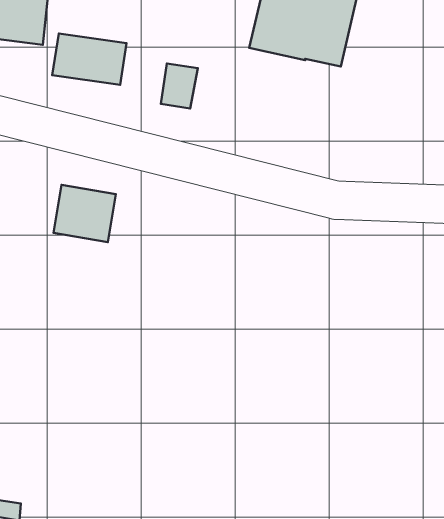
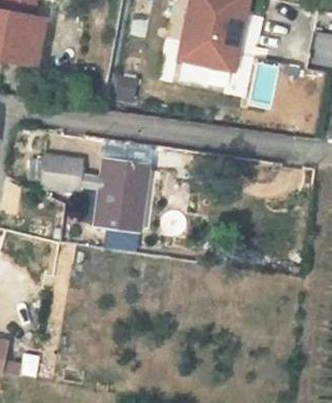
building: [52,34,127,85] -> none
building: none -> [94,156,150,231]

